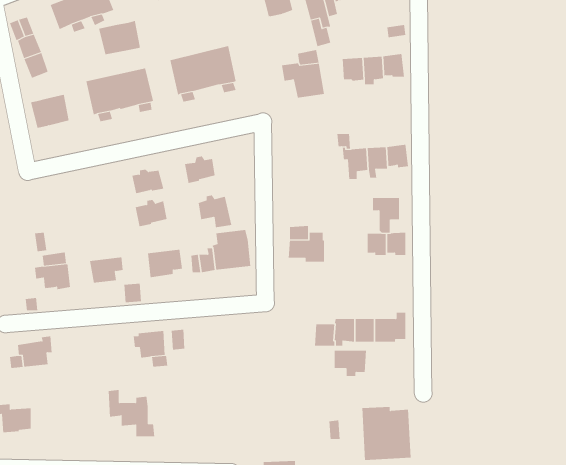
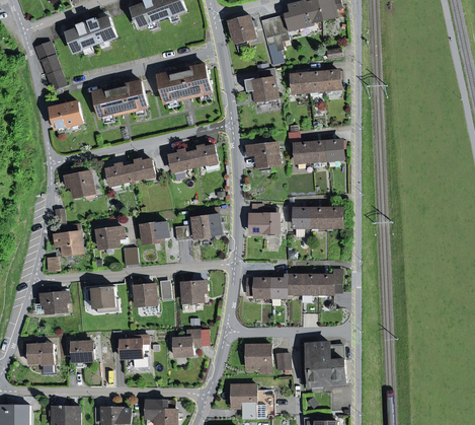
building: [99,20,141,55] -> none
building: none -> [246,140,279,166]
building: none -> [65,171,93,196]
building: [198,195,232,228] -> [191,145,218,170]
building: [372,198,400,233] -> [289,209,310,236]
building: [135,199,168,227] -> [106,163,132,185]
building: none -> [181,281,205,302]
building: none -> [85,286,117,313]
building: [334,350,367,376] -> [245,279,270,299]
building: none -> [173,330,208,355]
building: none -> [72,339,93,366]
building: none -> [245,345,270,367]

